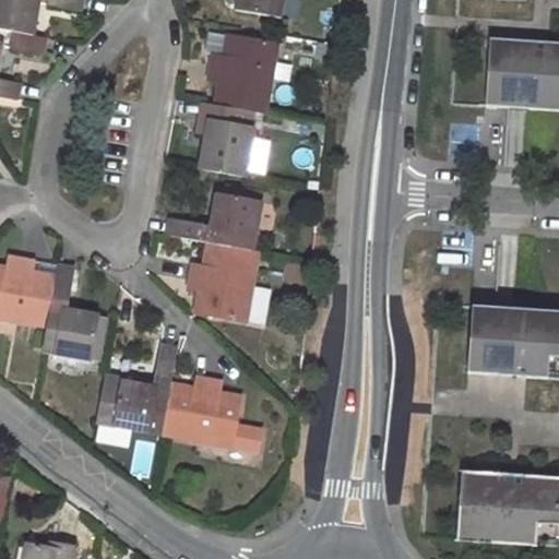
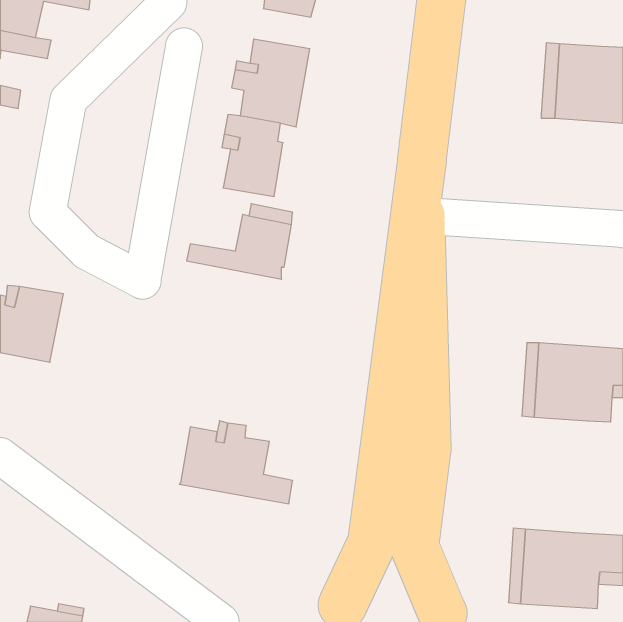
building: [188,241,259,320] -> none
building: [40,263,97,357] -> none
building: [115,345,177,432] -> none

